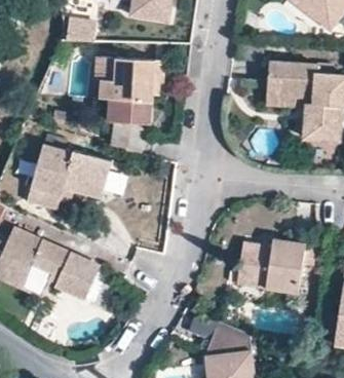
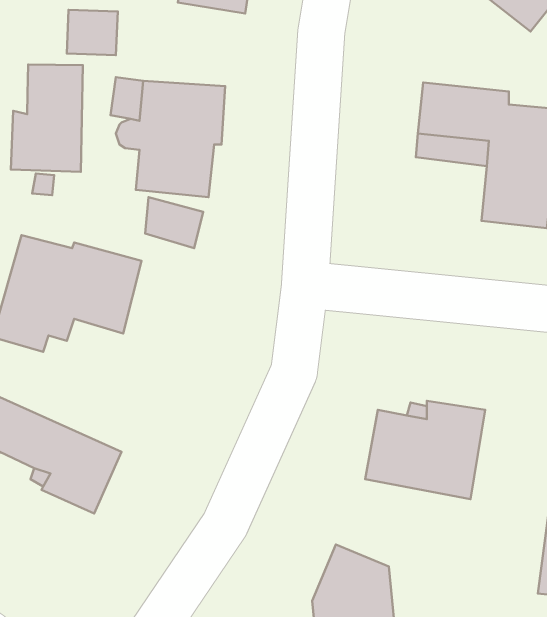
building: none -> [11,65,83,172]

